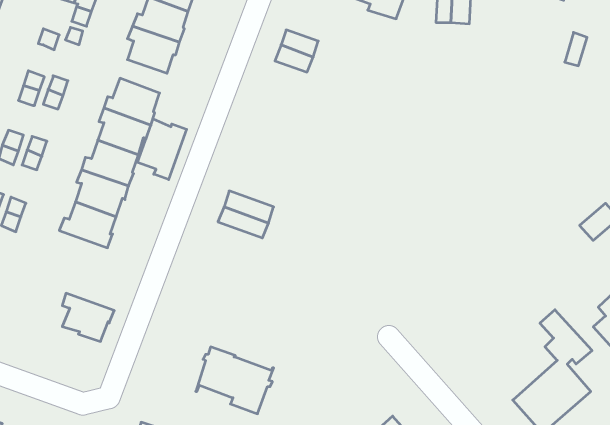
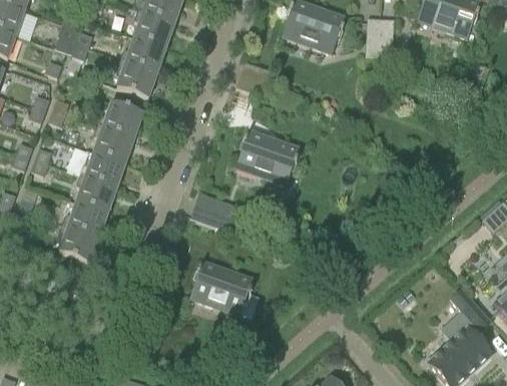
building: none -> [235,129,300,183]
building: [137,119,187,180] -> none
building: [62,293,114,341] -> [58,224,100,263]
building: [196,347,274,414] -> [190,261,254,315]

